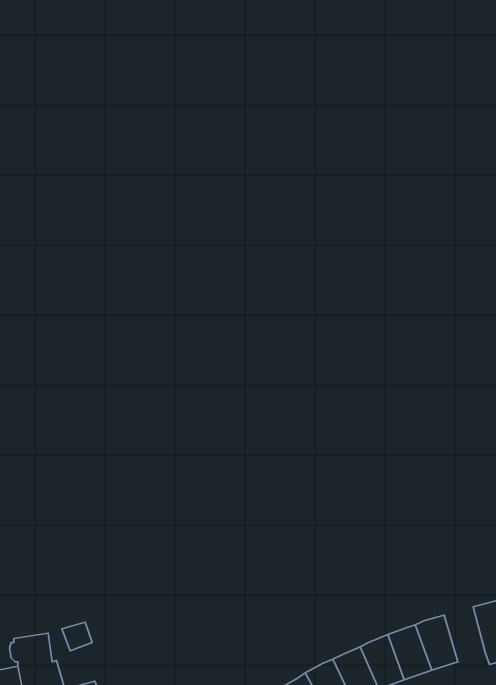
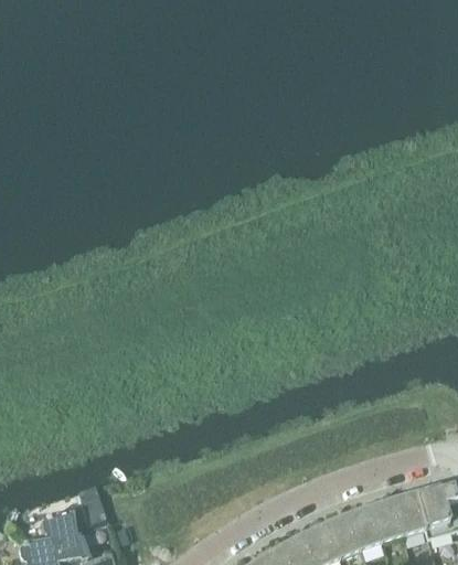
building: none -> [391,491,424,535]

